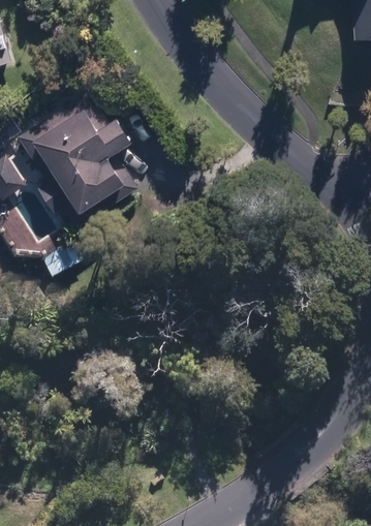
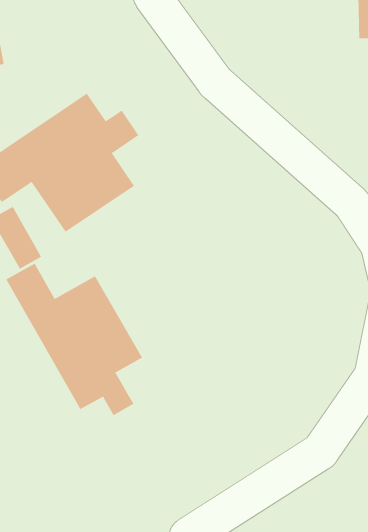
building: none -> [6,263,143,416]

